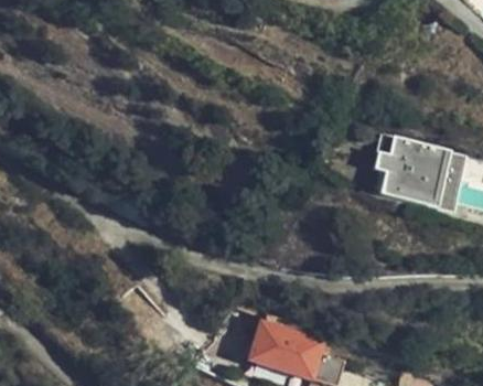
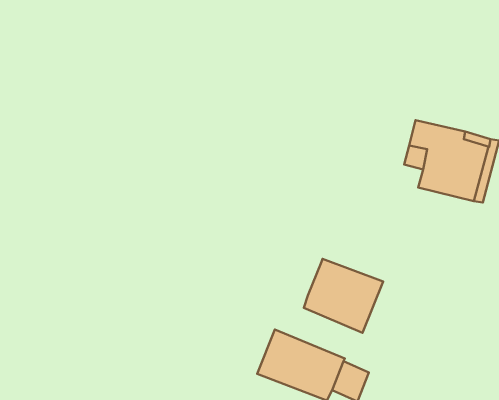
building: none -> [304,259,383,333]

